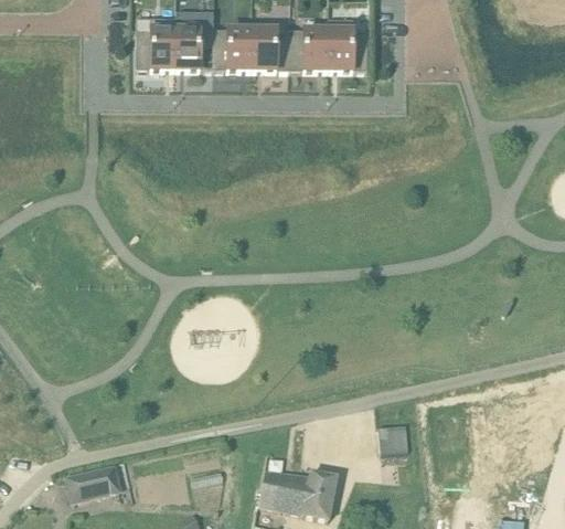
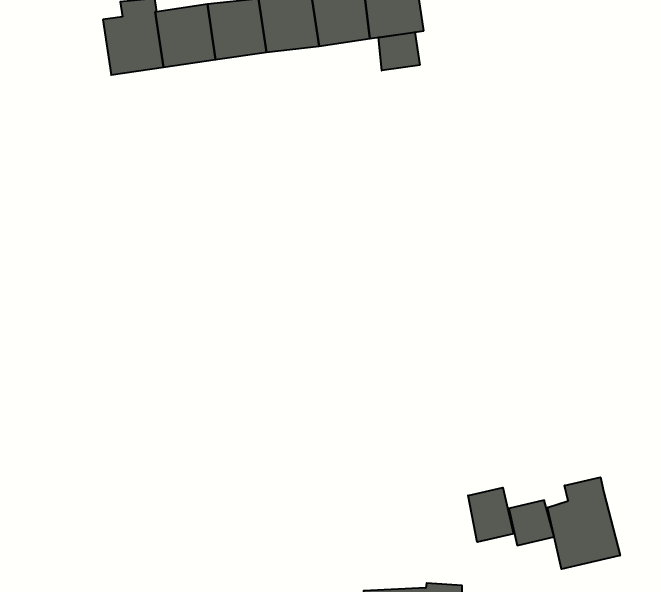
building: none -> [379,32,420,71]
building: none -> [468,488,513,542]
building: none -> [547,477,620,569]

